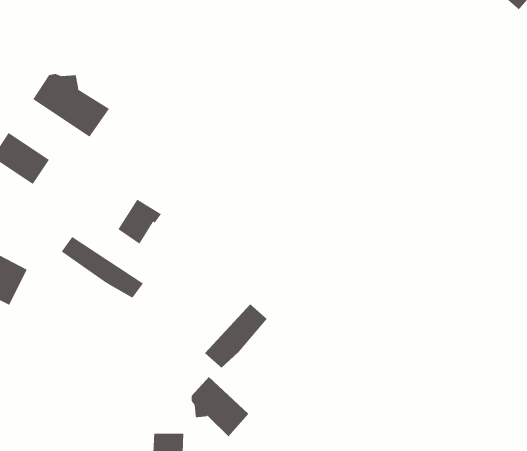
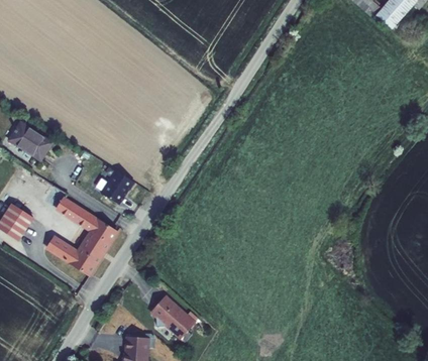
building: [32,73,110,137] -> none
building: none -> [48,229,110,272]
building: [204,304,267,368] -> none

